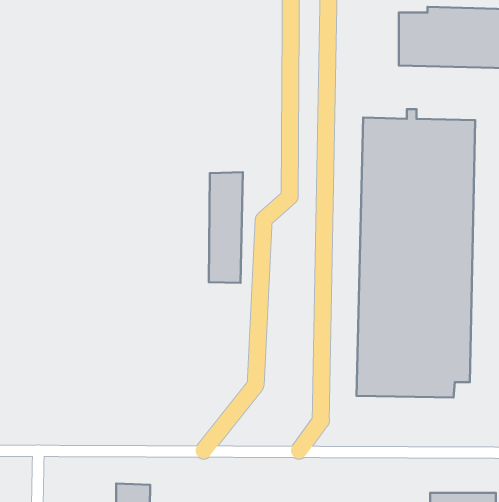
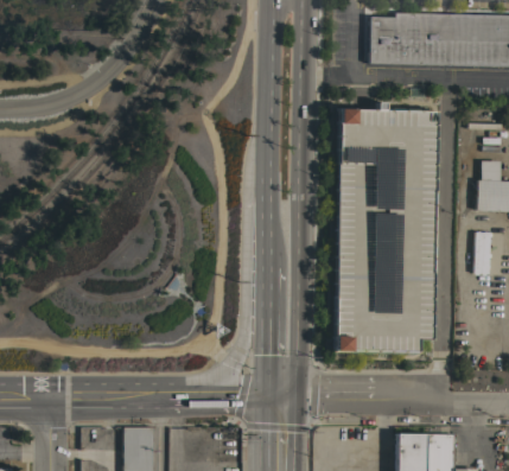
building: [209,172,243,283] -> none

